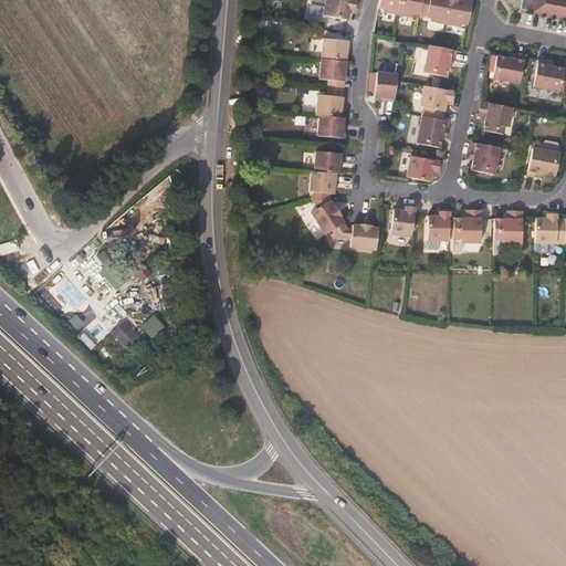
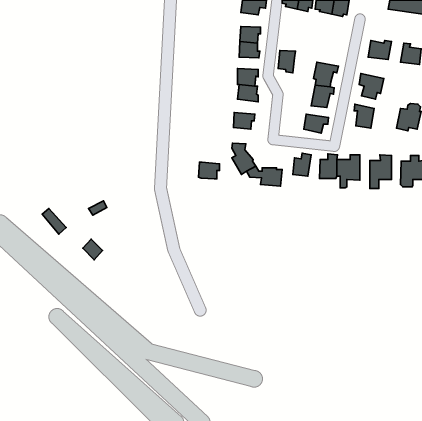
building: [427,42,457,71] -> none
building: [308,172,336,195] -> [199,162,219,179]

